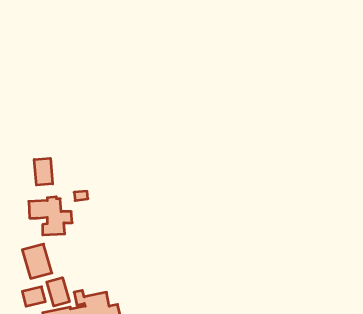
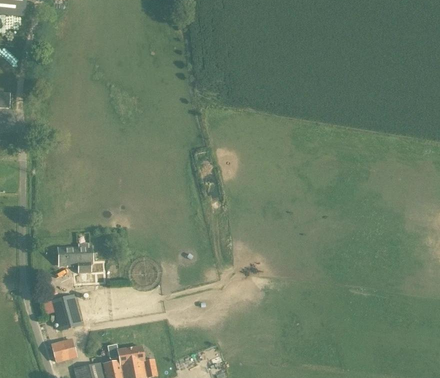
building: [34,158,53,185] -> none
building: [47,278,69,306] -> none

